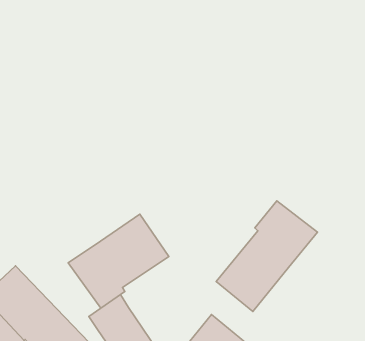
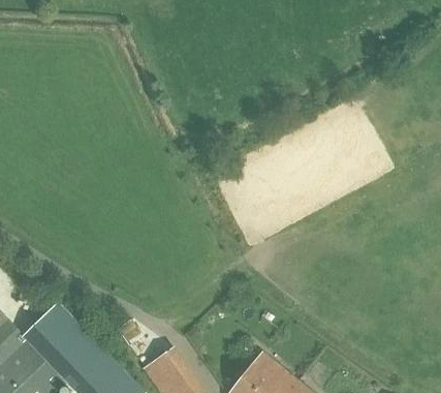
building: [216,201,318,311] -> none
building: [68,214,169,308] -> none

